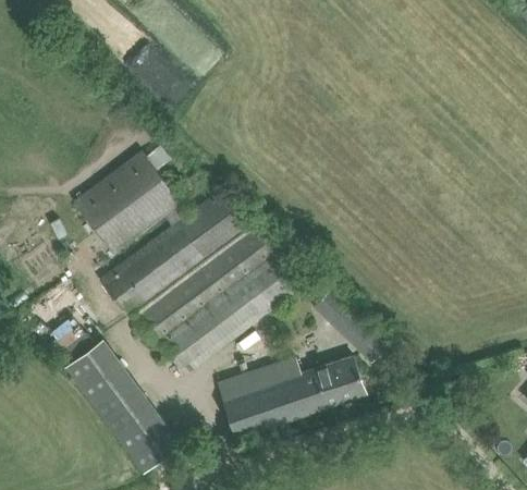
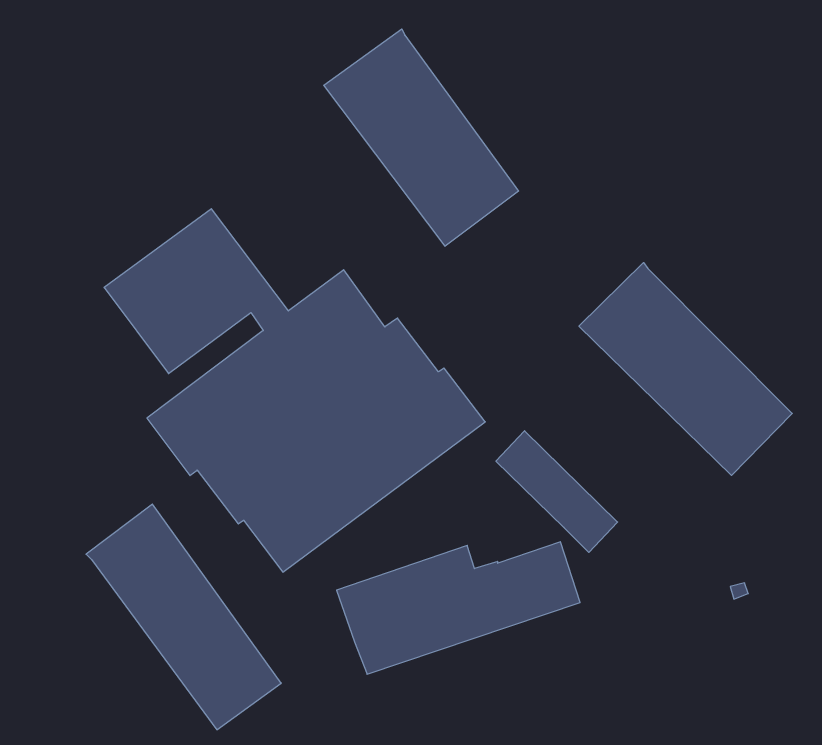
building: none -> [324,29,519,246]
building: none -> [579,263,792,475]

